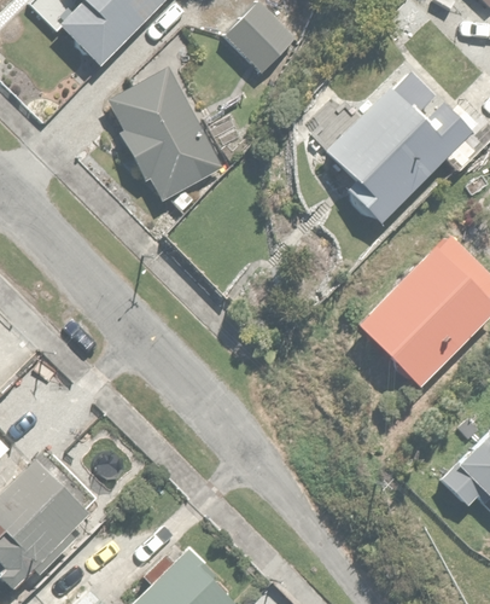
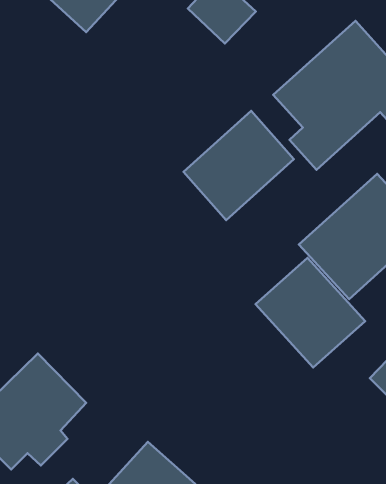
building: [112,69,226,201] -> none
building: none -> [184,111,294,220]
building: none -> [256,258,365,368]

